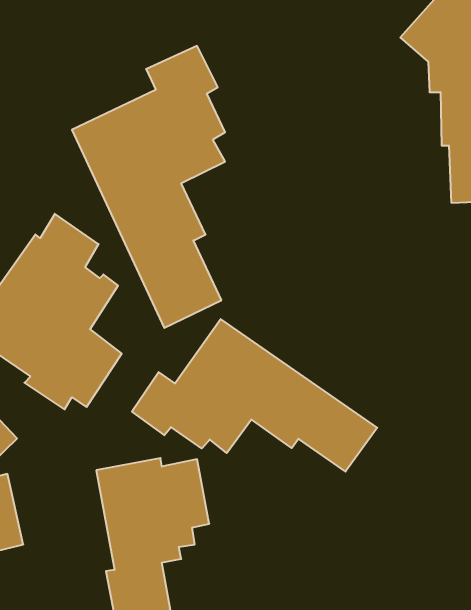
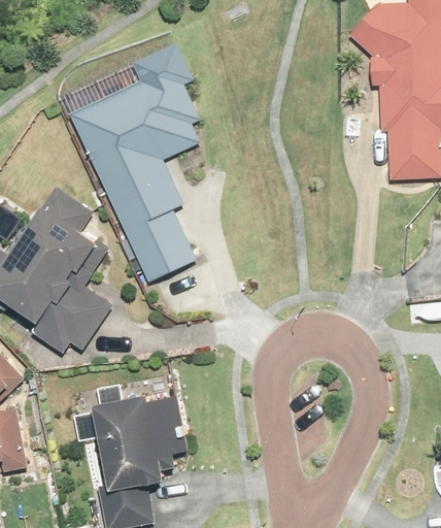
building: [132,319,377,472] -> none

